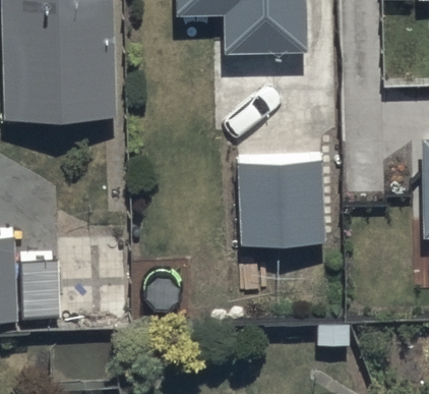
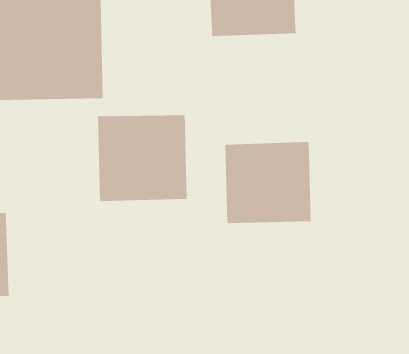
building: none -> [97,115,187,202]

